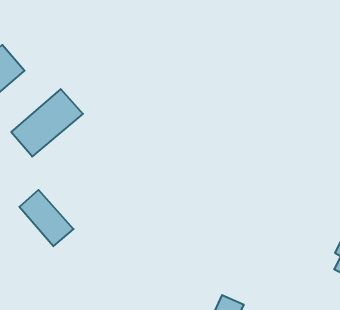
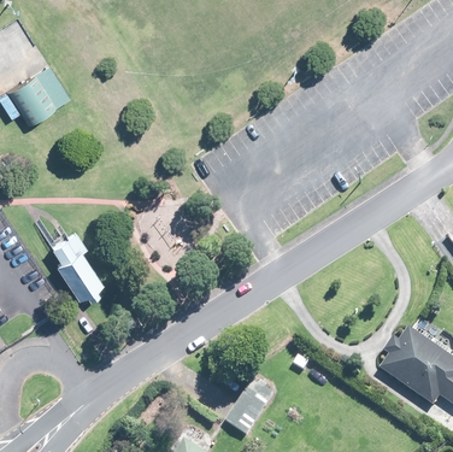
building: [11,89,83,157] -> none

